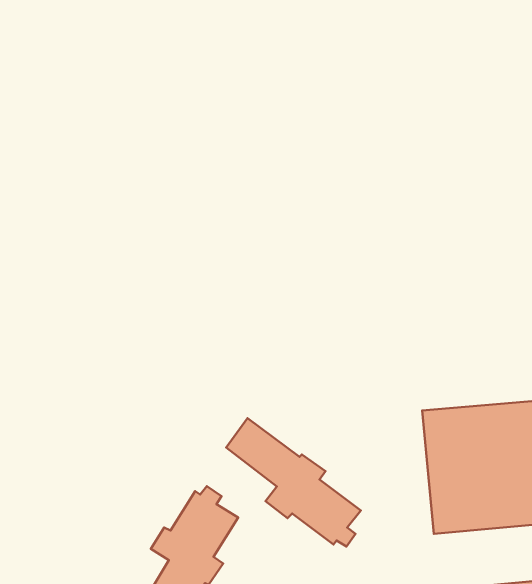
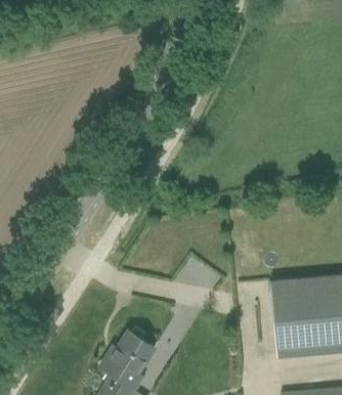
building: [226,418,361,546] -> none

